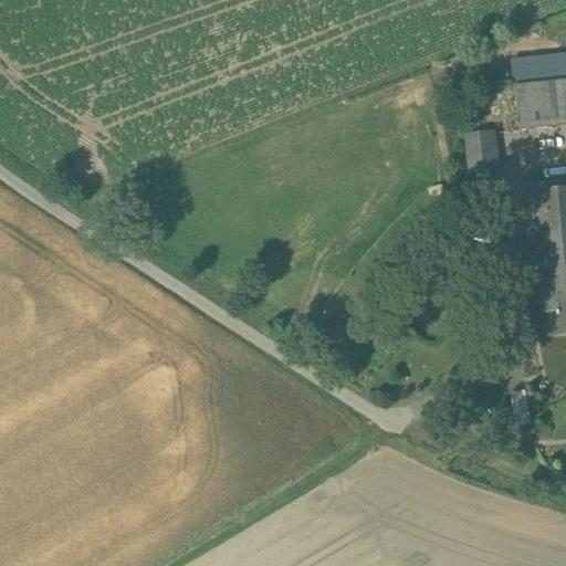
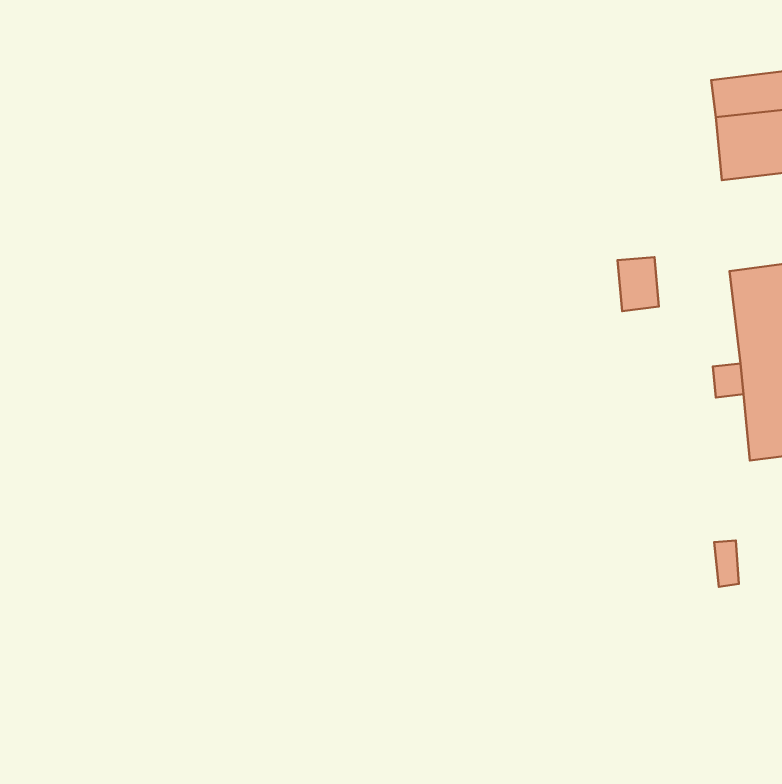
building: [470,132,500,170] -> [617,257,659,311]

